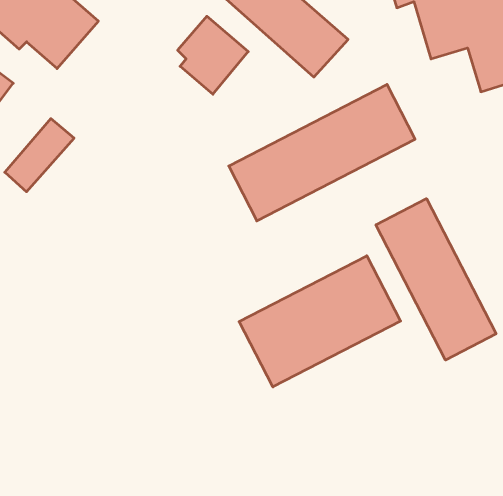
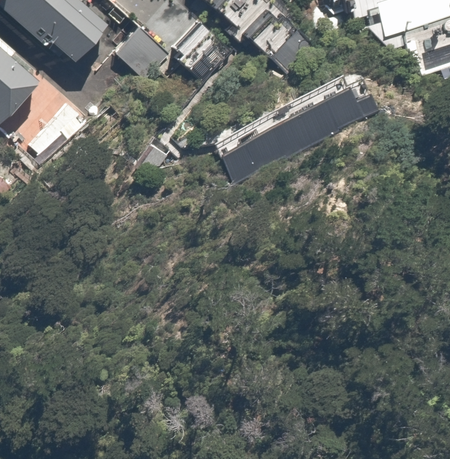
building: none -> [114,24,167,77]
building: [376,199,496,360] -> none
building: [239,256,401,387] -> none

